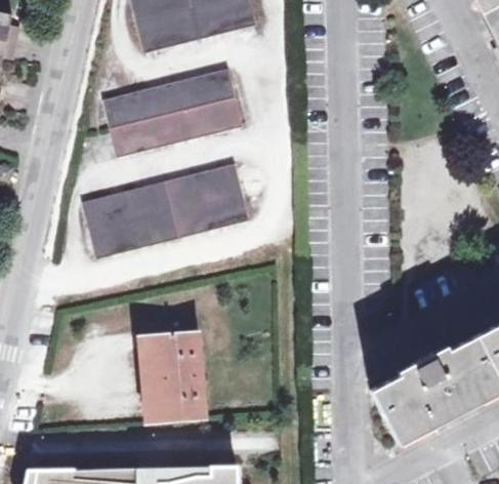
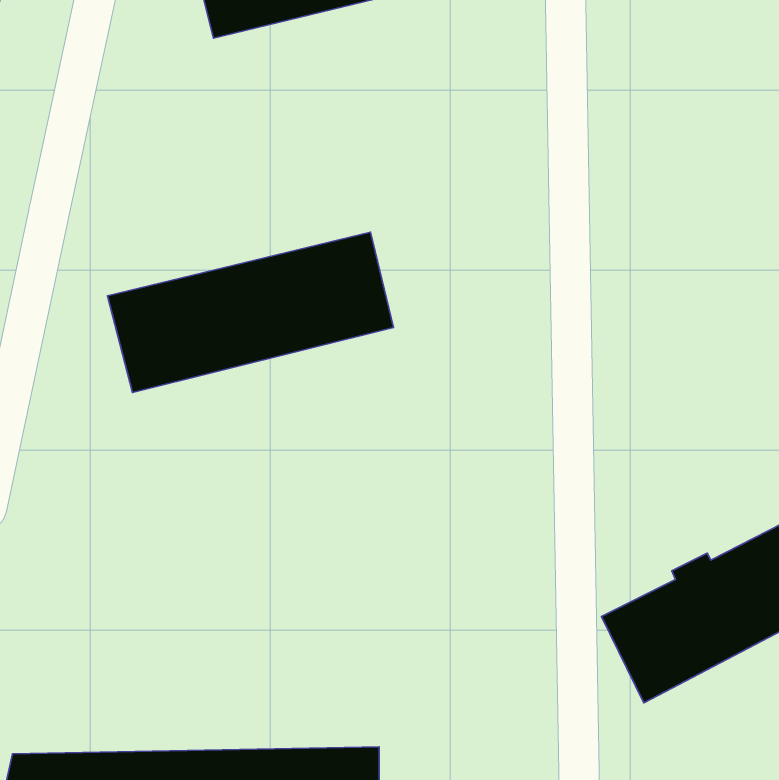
building: [103,69,244,157] -> none
building: [143,330,207,424] -> none

